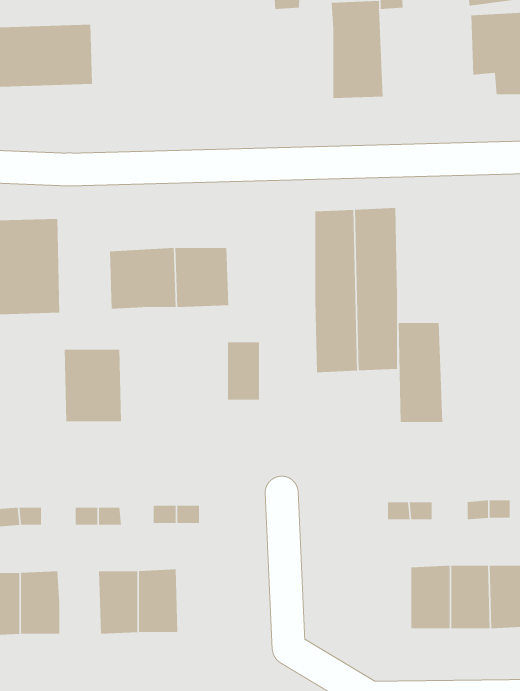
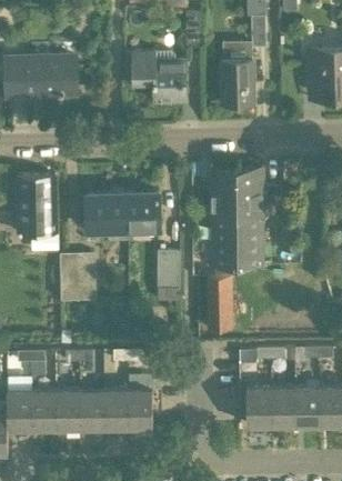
building: none -> [132,51,187,101]
building: [398,323,443,422] -> [208,273,235,334]
building: none -> [247,388,271,425]
building: none -> [128,389,153,428]
building: none -> [56,390,81,429]

